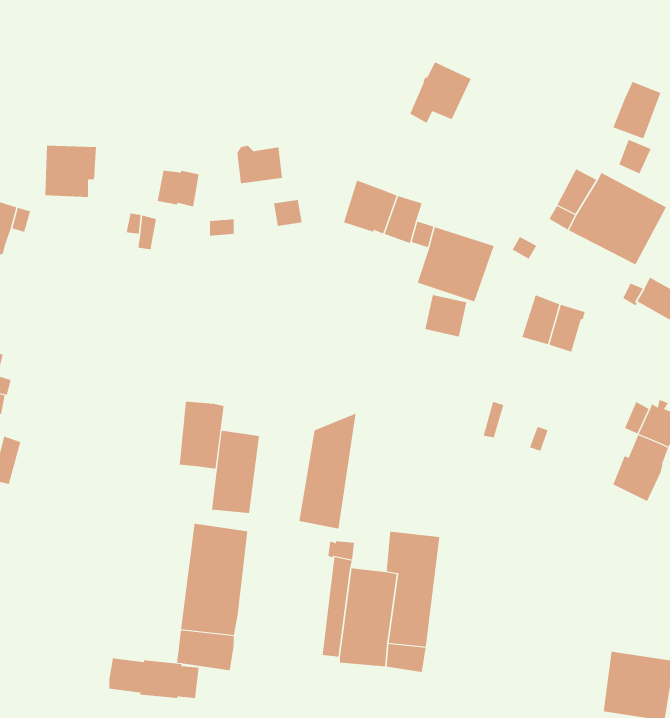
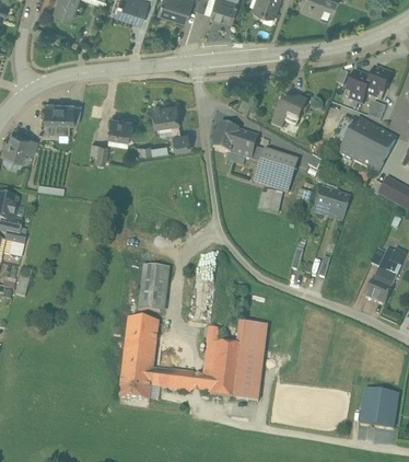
building: [409,61,471,124] -> [271,92,306,127]
building: none -> [343,69,371,102]
building: [179,401,224,469] -> none
building: [108,658,200,699] -> [151,368,202,391]

